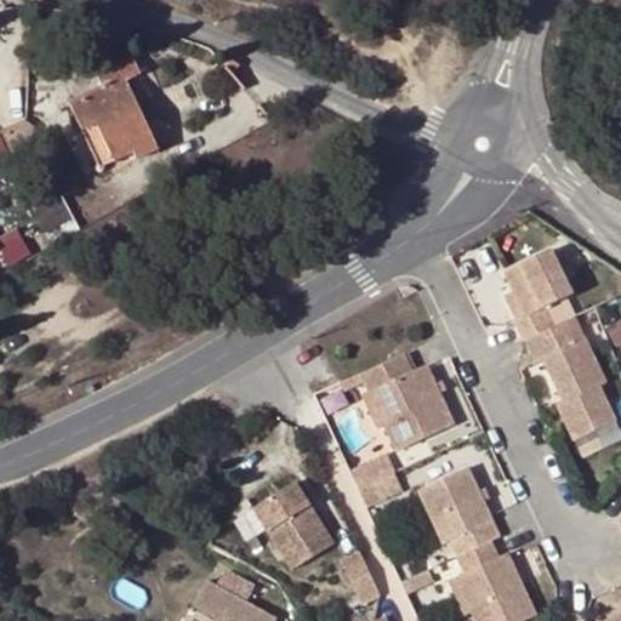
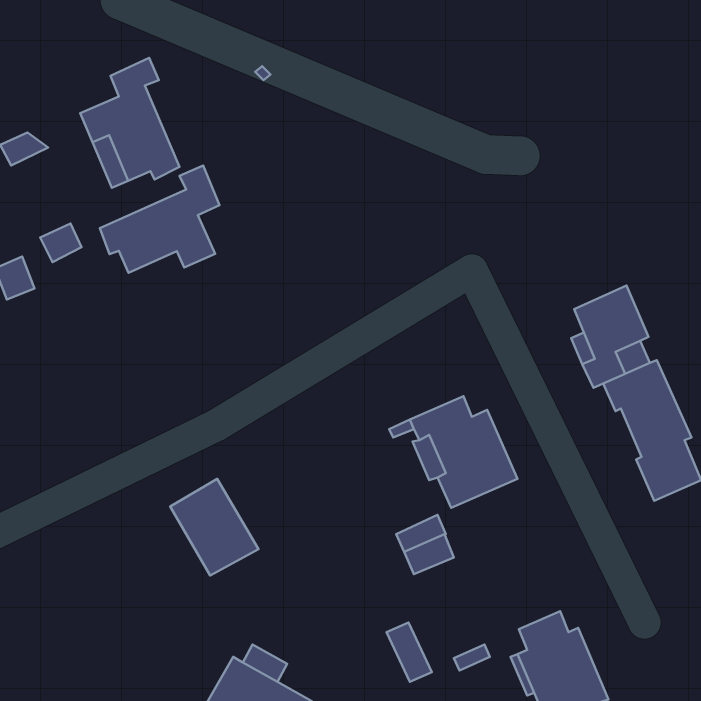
building: none -> [100,166,219,273]
building: [422,469,500,557] -> none
building: [257,480,335,565] -> [170,479,258,576]

